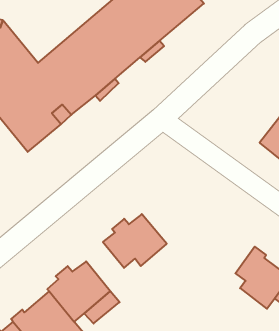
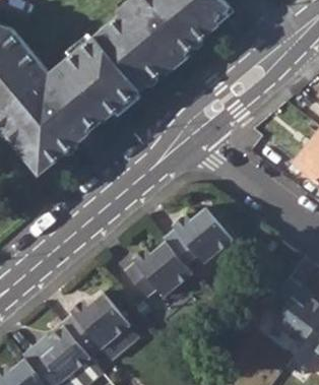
building: none -> [163,207,233,266]

